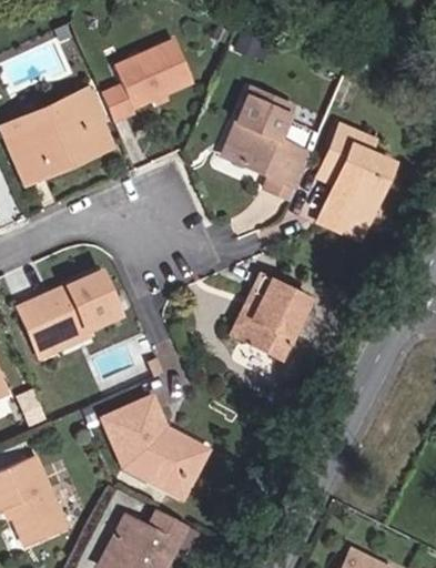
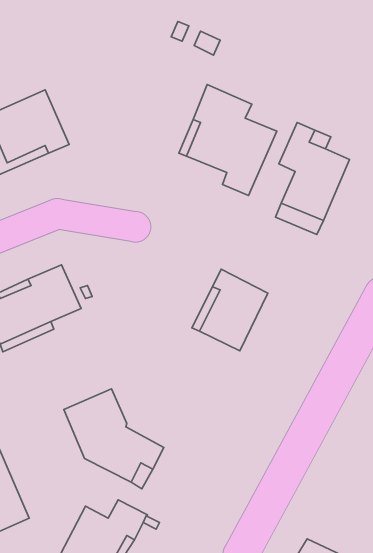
building: [102,40,194,122] -> none

